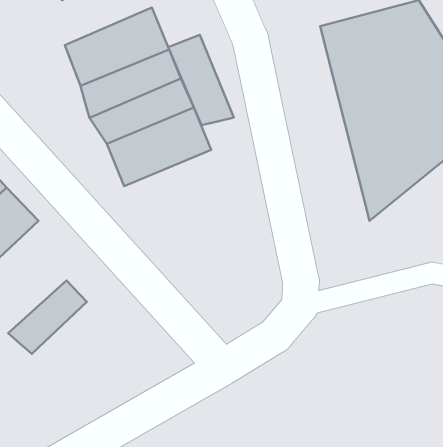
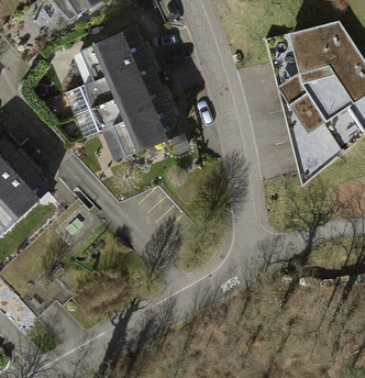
building: [168,35,234,125] -> none
building: [8,280,87,354] -> none

